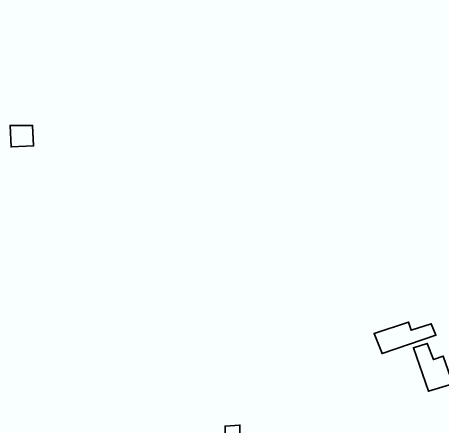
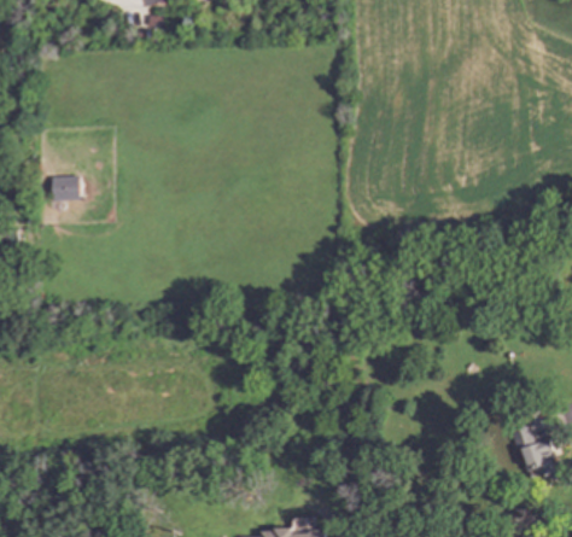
building: [374,322,436,354] -> none

